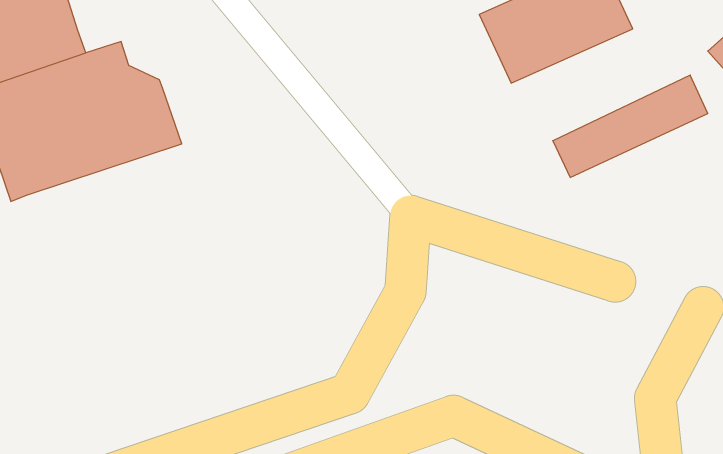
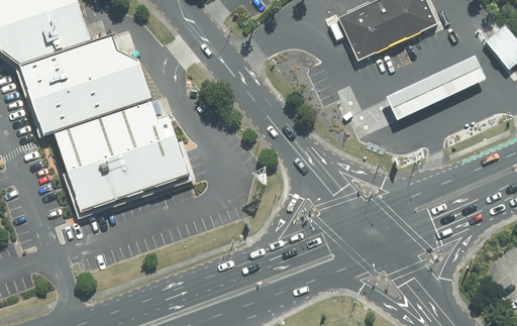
building: none -> [55,99,190,214]

